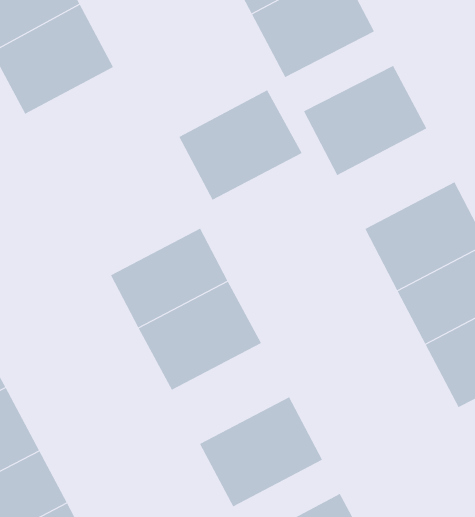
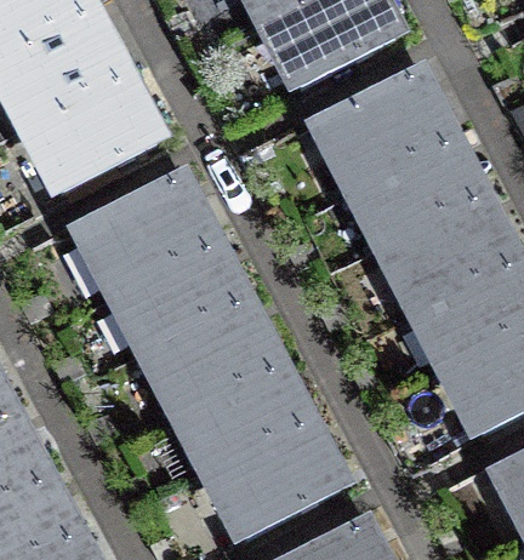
building: none -> [27,76,156,193]
building: [179,90,302,200] -> [81,178,211,295]
building: none -> [354,141,478,246]
building: none -> [181,366,304,472]

